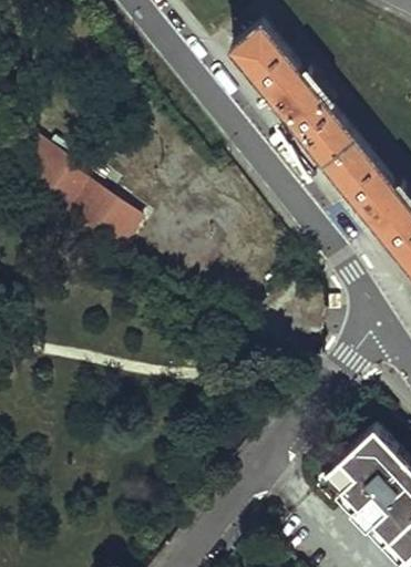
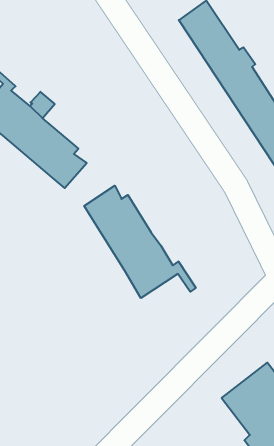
building: none -> [84,186,196,298]

